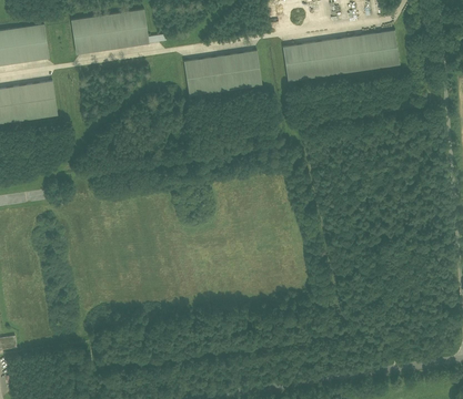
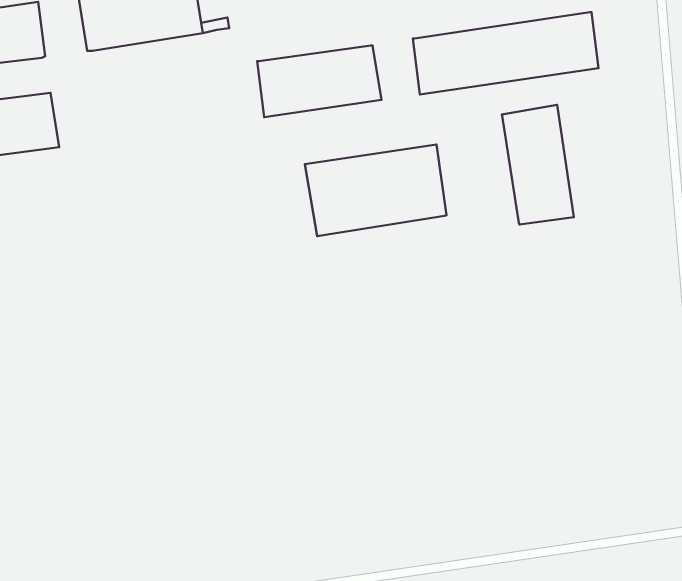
building: none -> [502,105,574,225]
building: none -> [305,145,446,236]

